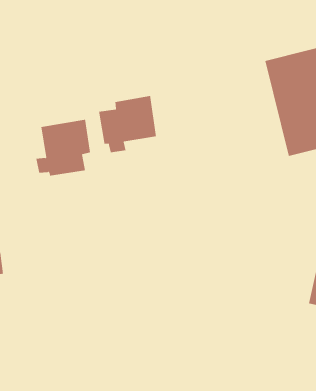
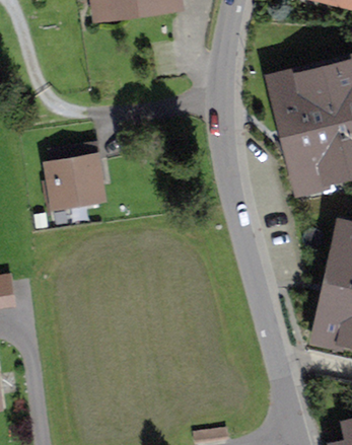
building: [99,95,157,153] -> none

